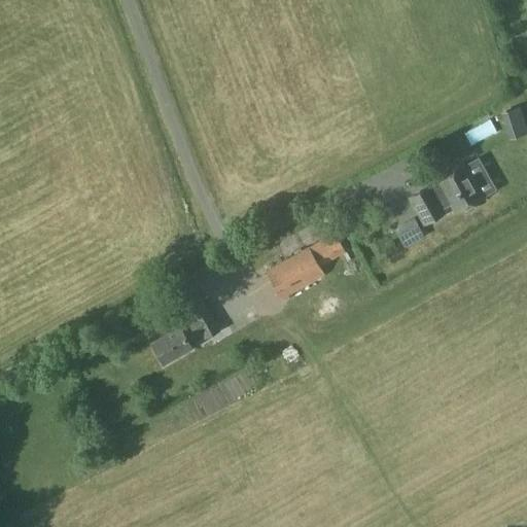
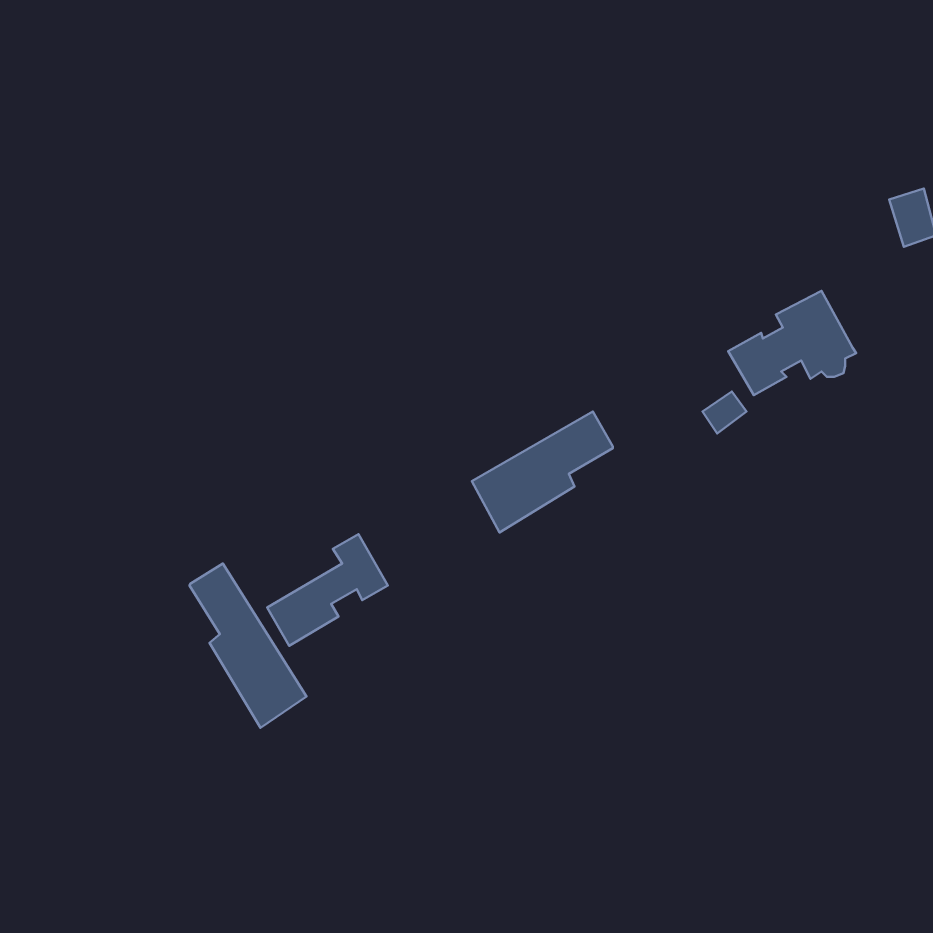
building: [463,155,496,197] -> none
building: none -> [189,563,307,728]

